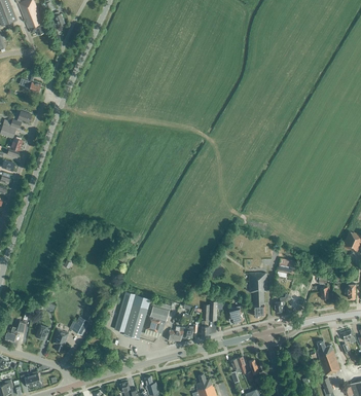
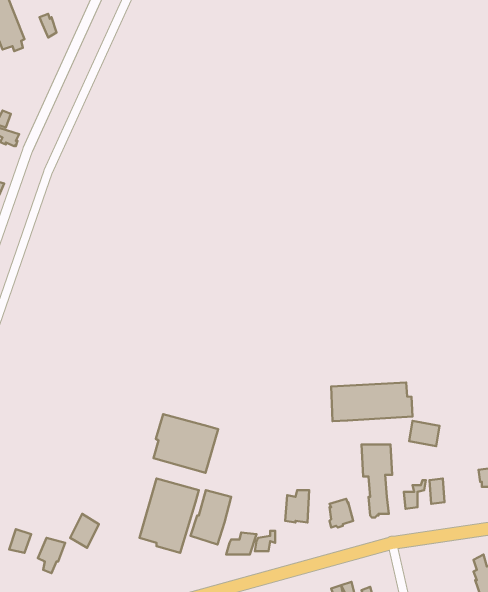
building: none -> [331,382,412,421]
building: none -> [154,414,218,473]

